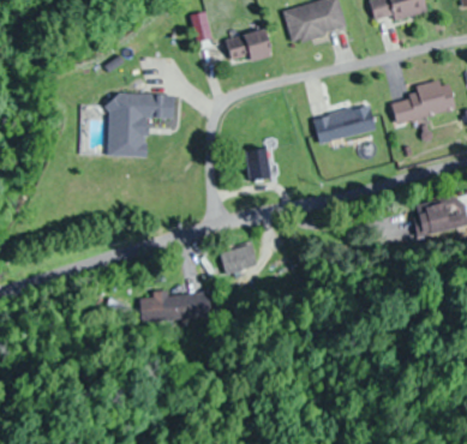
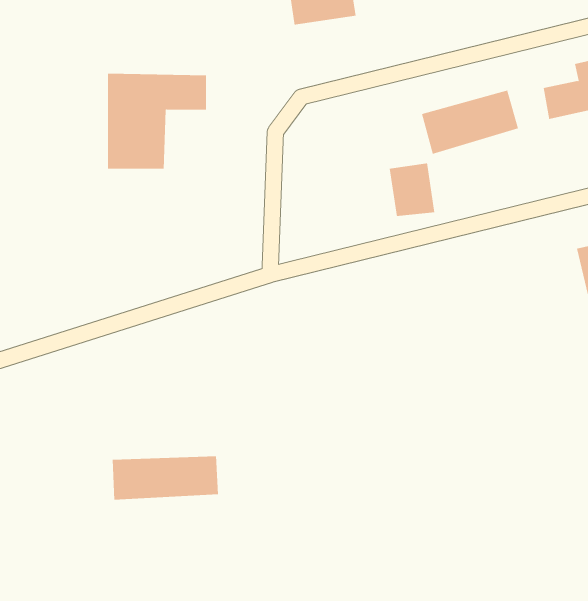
building: [245,146,275,181] -> [389,163,435,216]
building: [218,244,257,276] -> none
building: [137,293,206,322] -> [112,456,219,500]

